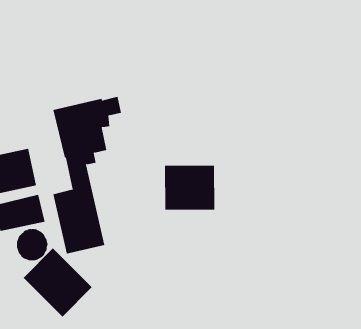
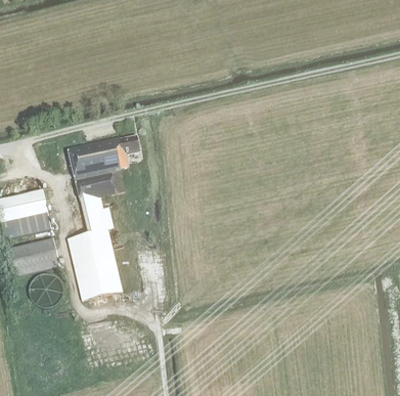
building: [164,165,215,211] -> none
building: [23,248,92,318] -> none

